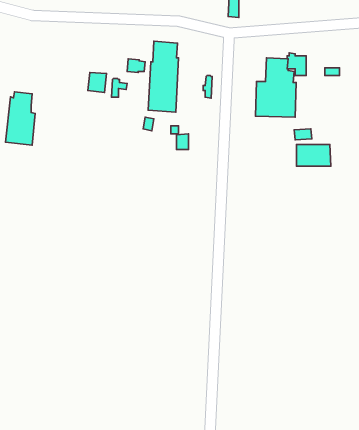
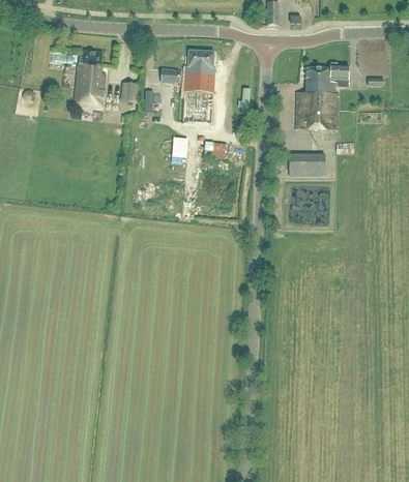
building: [6,92,35,145] -> [74,51,105,107]
building: [296,145,331,166] -> [289,153,325,176]

